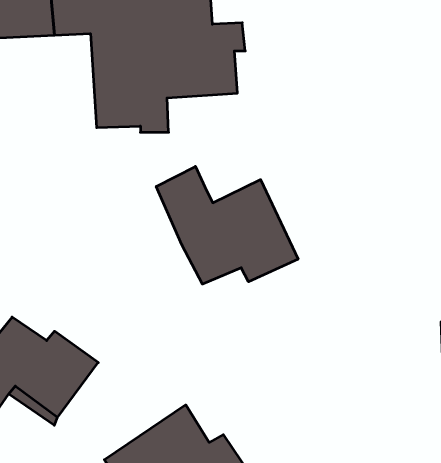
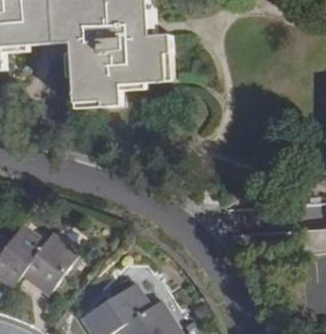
building: [156,166,298,284] -> none

